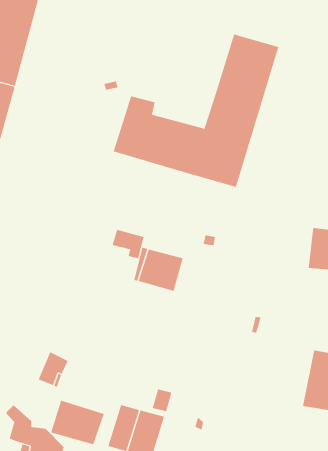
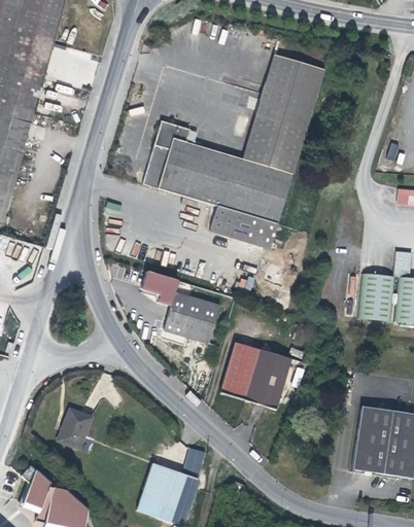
building: none -> [210,206,278,248]
building: none -> [232,341,288,405]
building: [50,400,104,445] -> none

